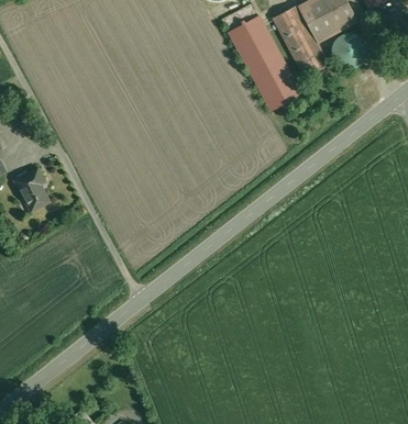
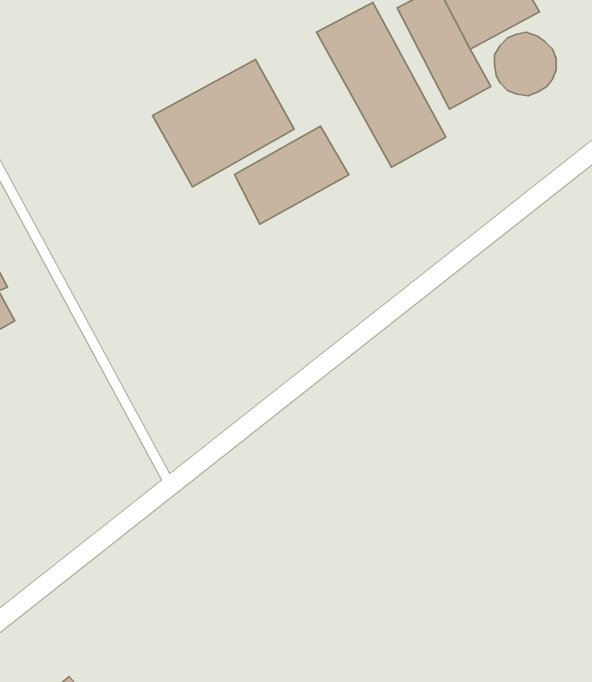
building: none -> [152,59,294,187]
building: none -> [235,126,349,224]

